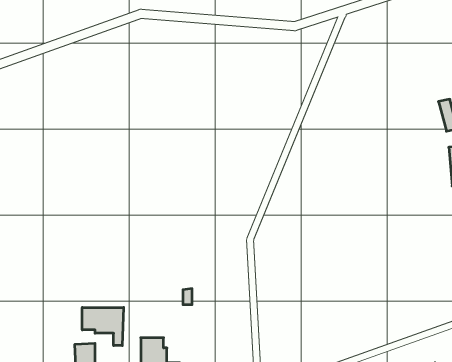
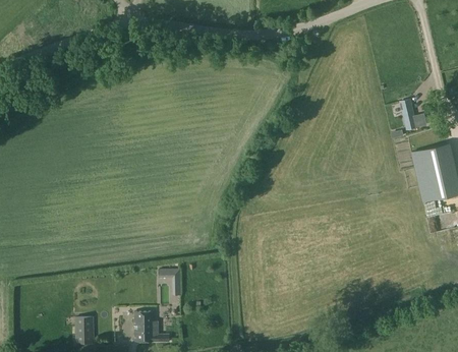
building: [82,307,124,346] -> none

